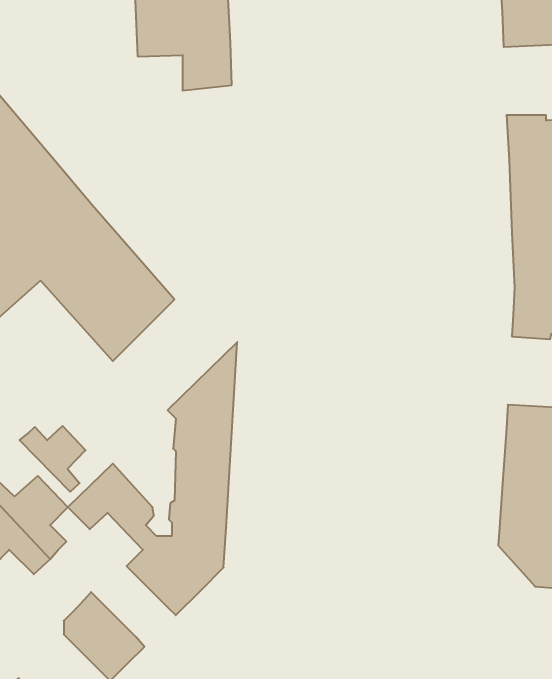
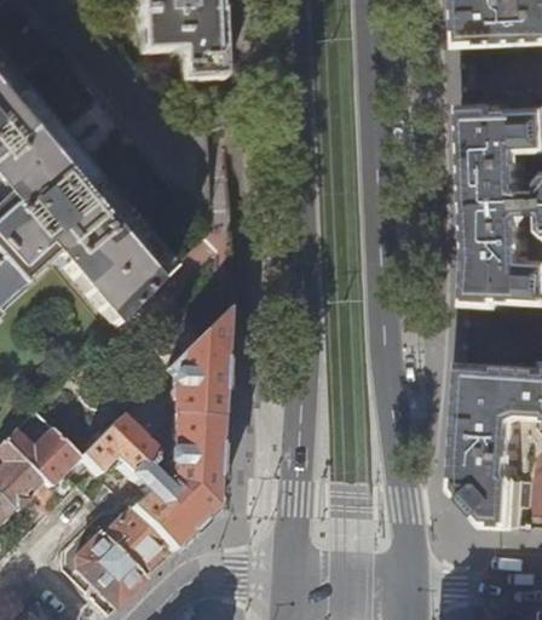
building: [20,426,86,492] -> none
building: none -> [102,506,166,569]

